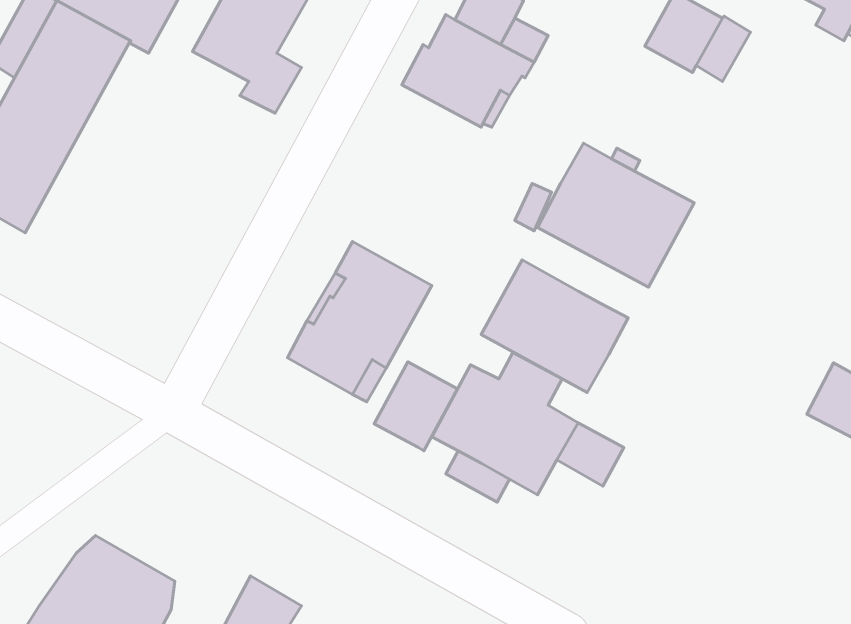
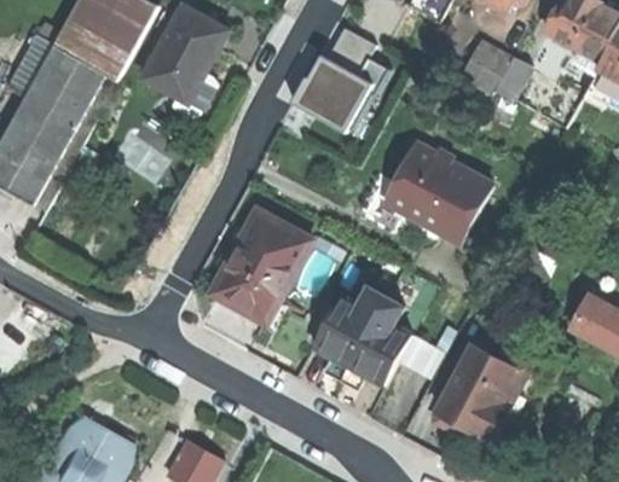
building: [481,260,628,393] -> none
building: [374,362,458,451] -> none
building: none -> [436,345,532,441]

